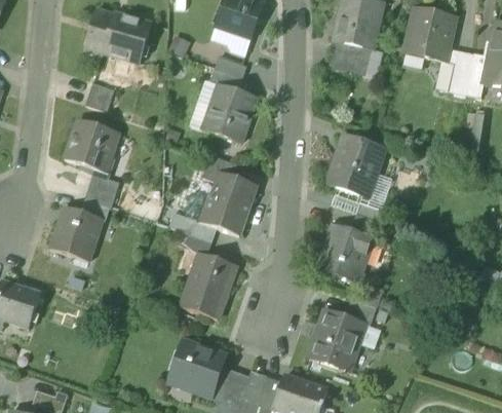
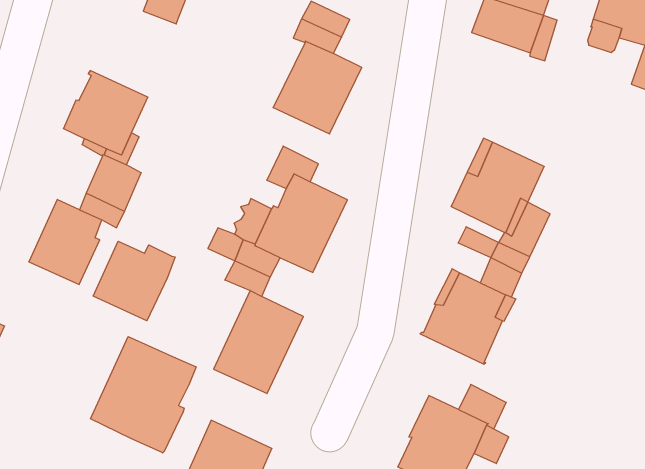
building: [82,82,112,111] -> none
building: none -> [93,241,175,321]
building: none -> [90,337,196,453]

